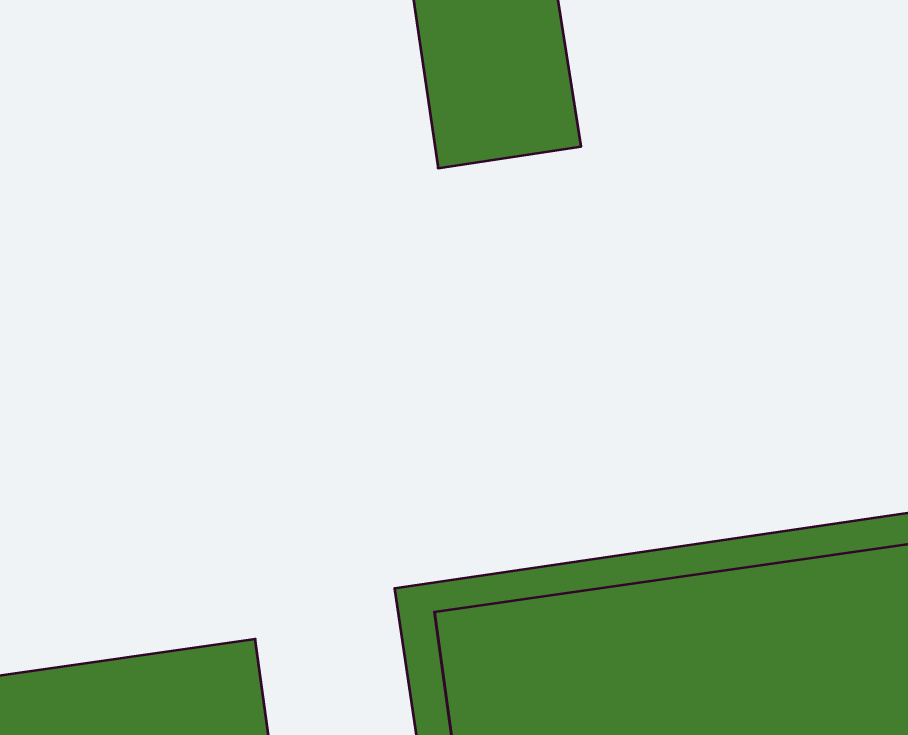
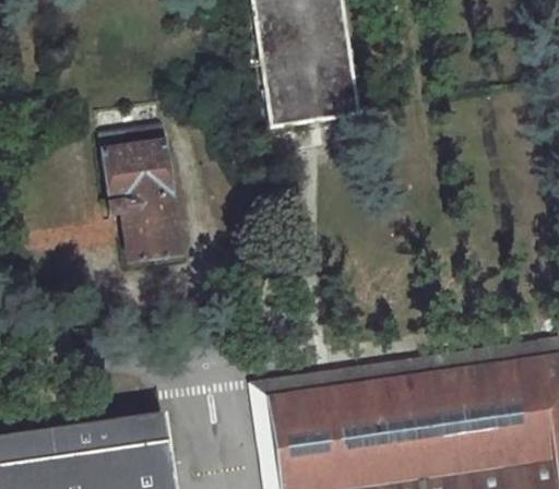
building: none -> [100,123,179,262]

